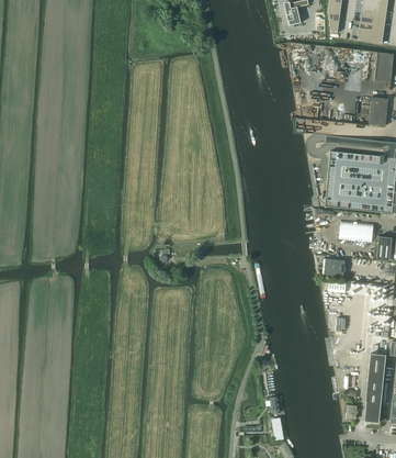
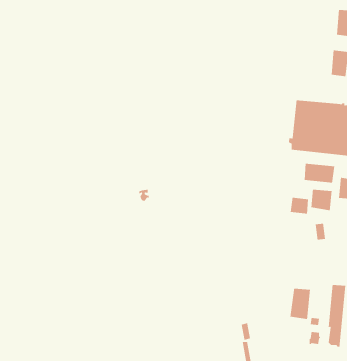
building: none -> [311,189,332,211]
building: none -> [290,288,311,320]

